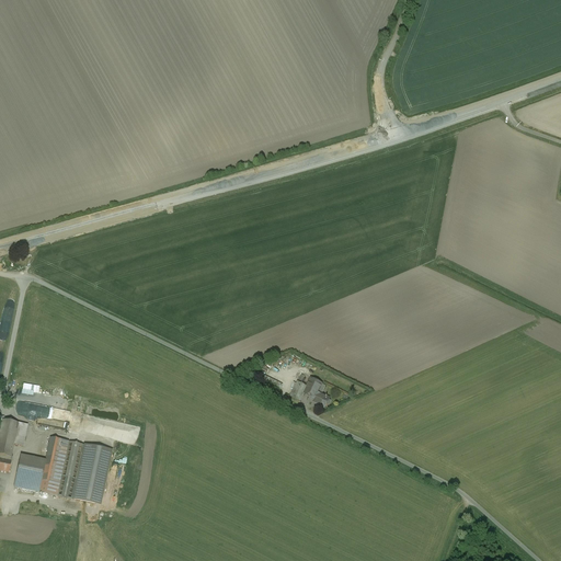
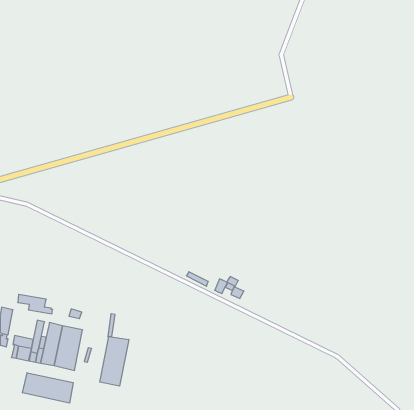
building: none -> [100,336,129,386]
building: none -> [23,373,73,403]

